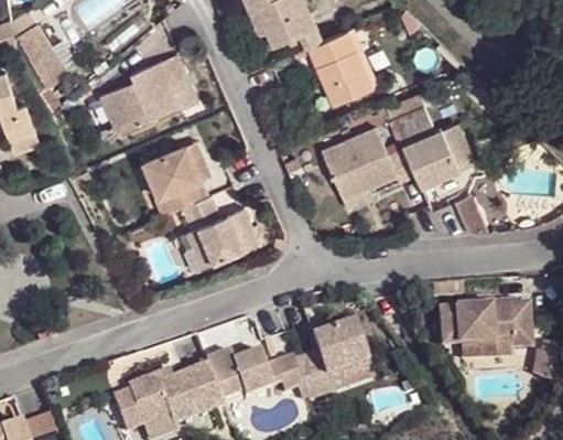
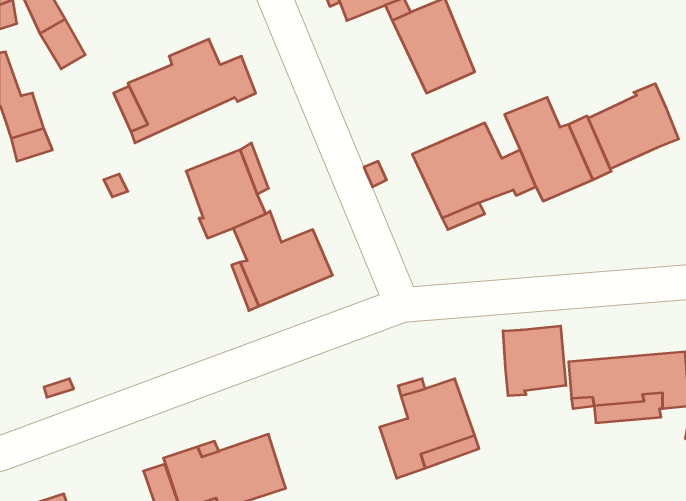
building: none -> [588,84,679,169]
building: none -> [503,326,566,396]
building: [206,353,307,401] -> none

